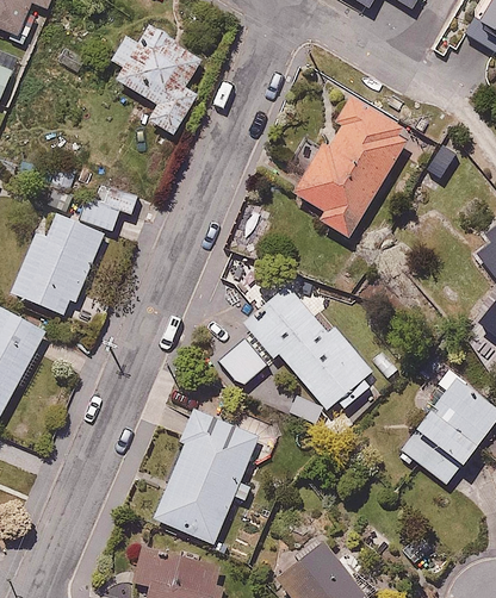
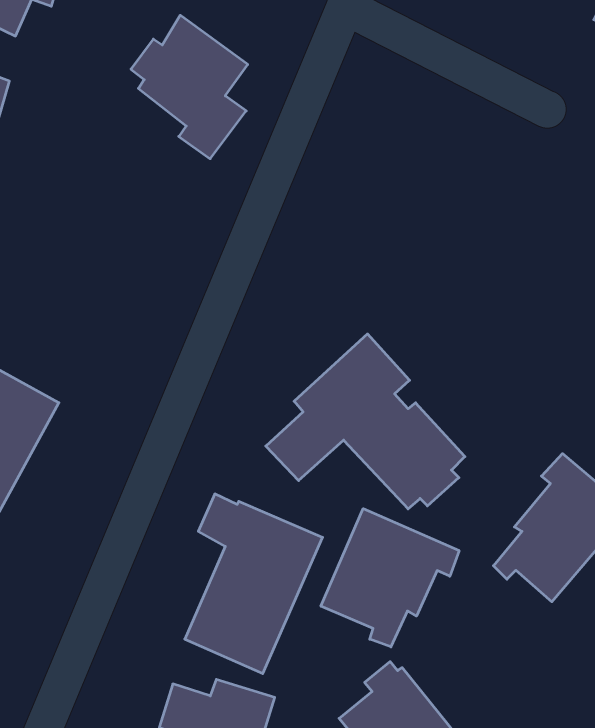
building: [290,95,417,239] -> none
building: [8,182,138,314] -> none
building: none -> [321,509,459,647]

